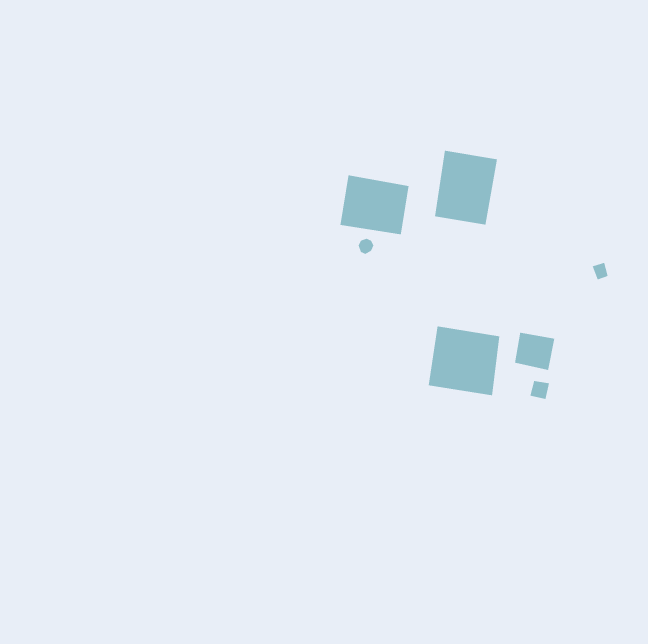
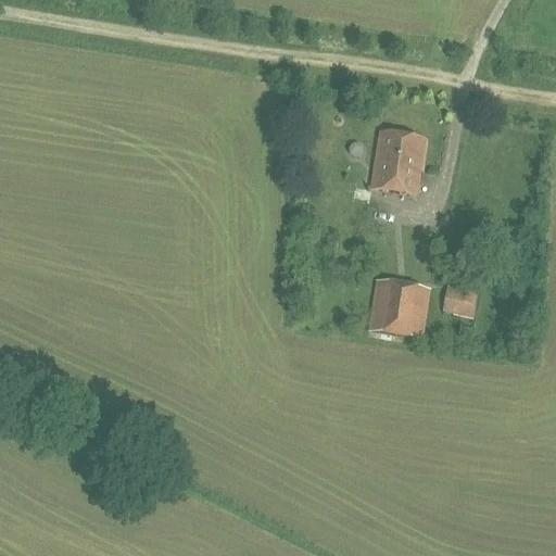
building: [340,175,409,235] -> none

